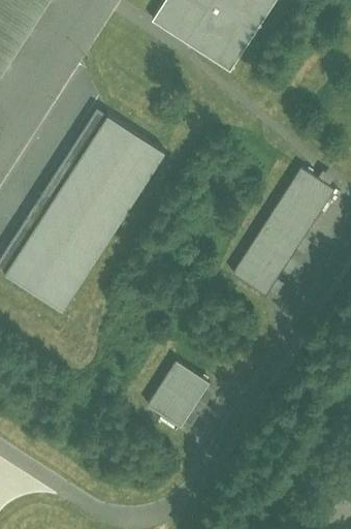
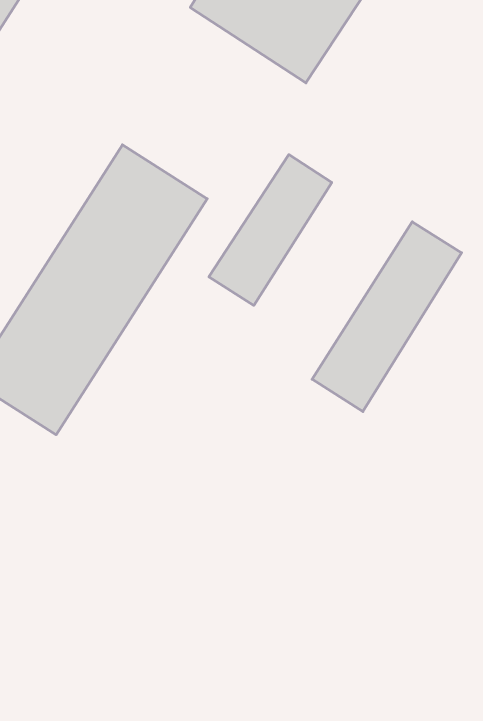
building: none -> [209,155,332,305]
building: [150,361,210,425] -> none

